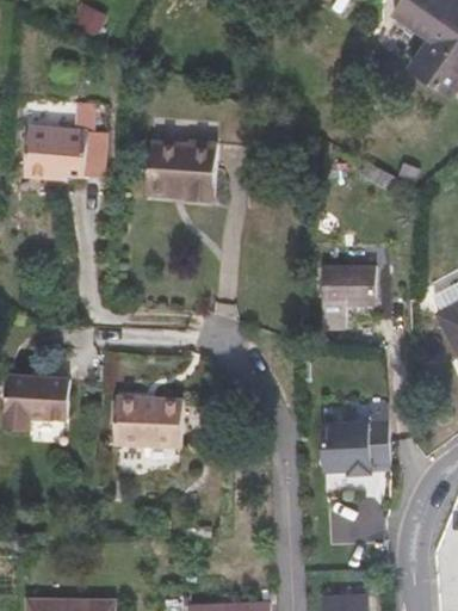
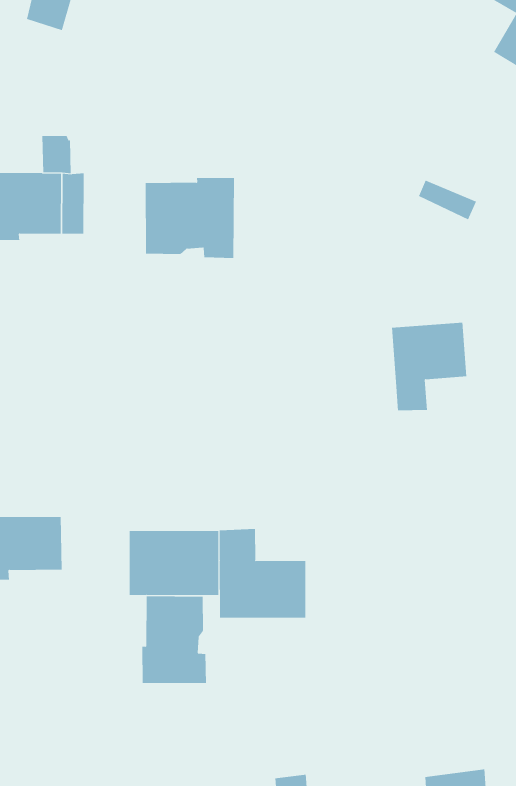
building: none -> [219,528,306,619]
building: [322,425,389,475] -> none
building: none -> [142,595,207,684]

